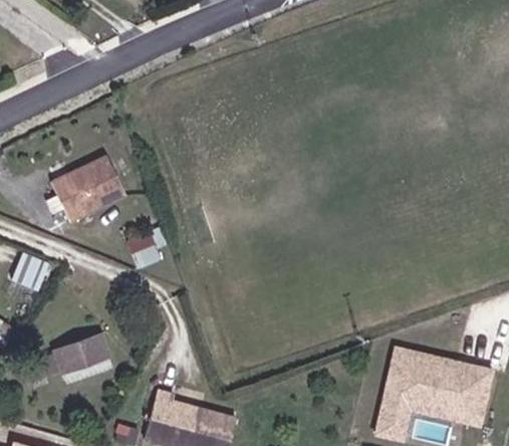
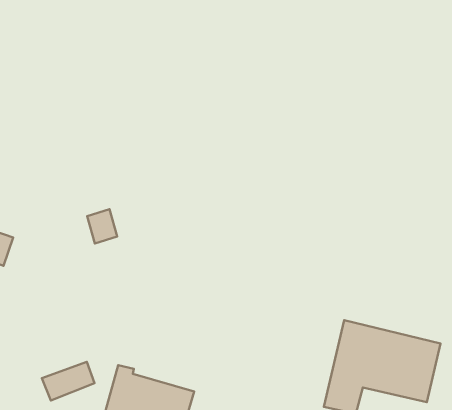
building: [55,152,130,219] -> none
building: [58,328,112,369] -> [42,362,95,401]

